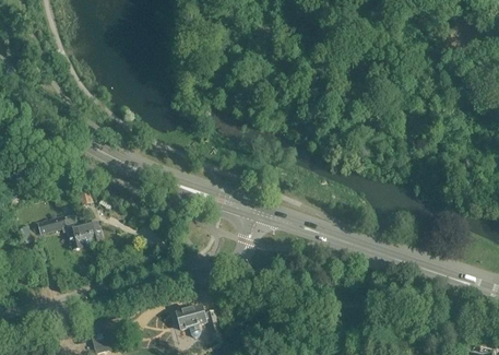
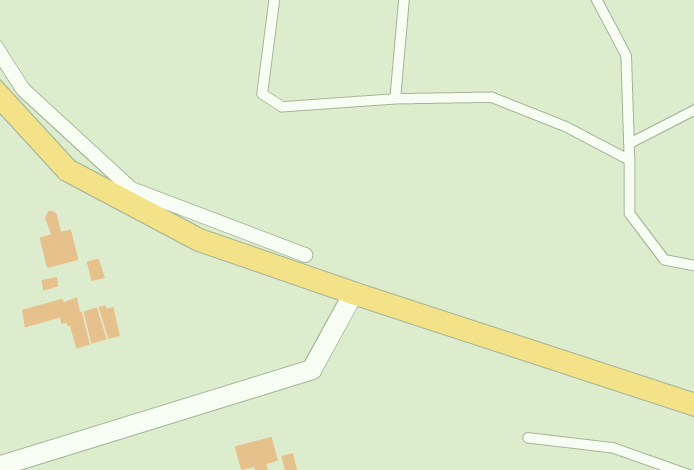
building: none -> [39,210,79,269]

